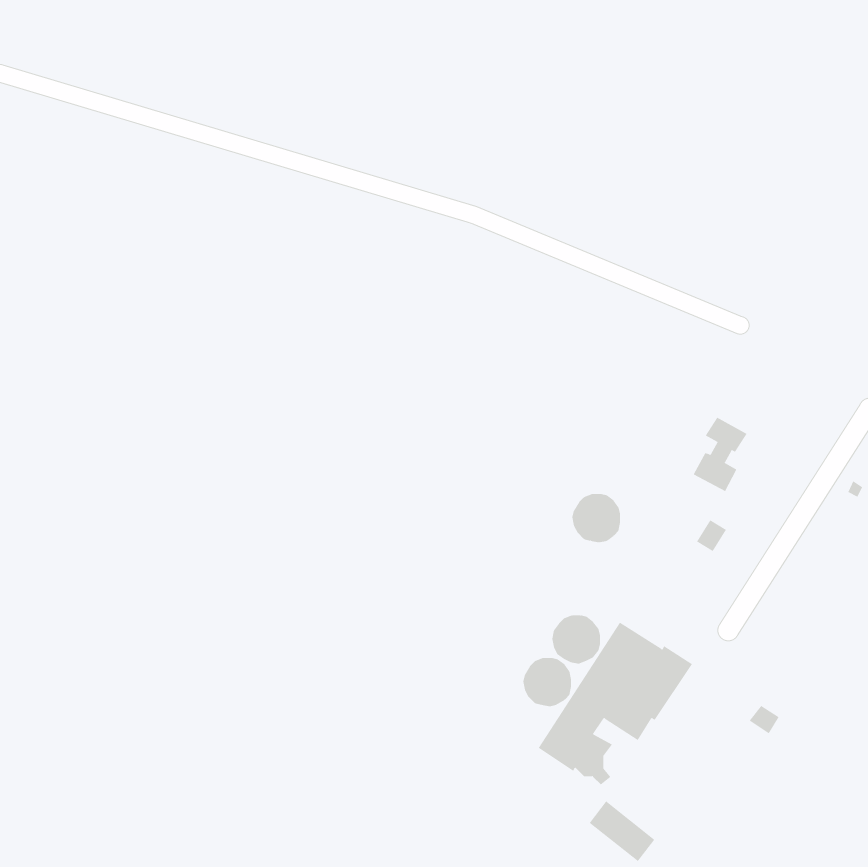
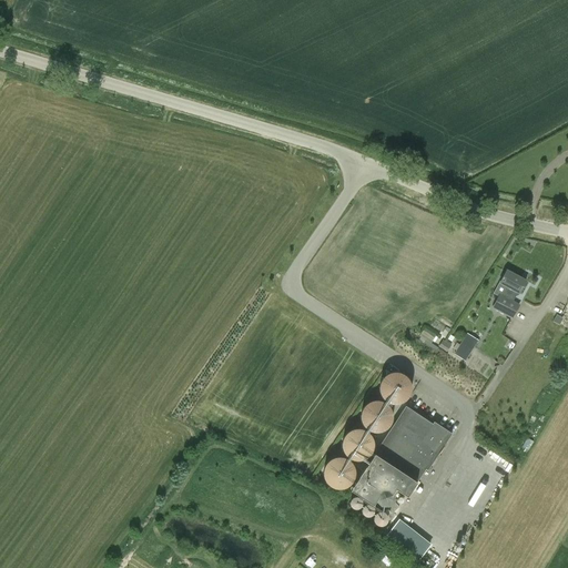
building: [693,417,747,492] -> [493,270,528,318]
building: [572,493,621,543] -> [379,372,412,404]
building: none -> [324,456,356,489]

